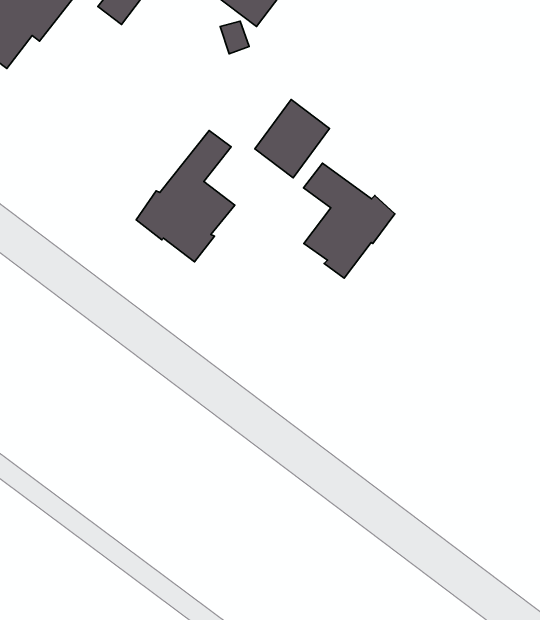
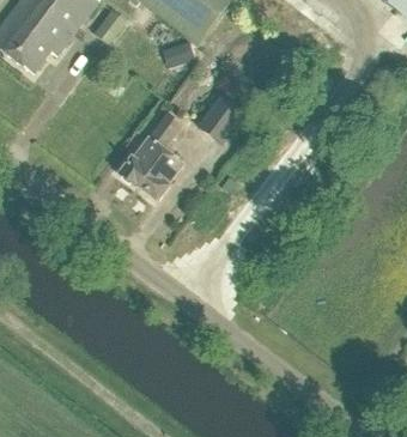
building: [303,163,395,278] -> none

